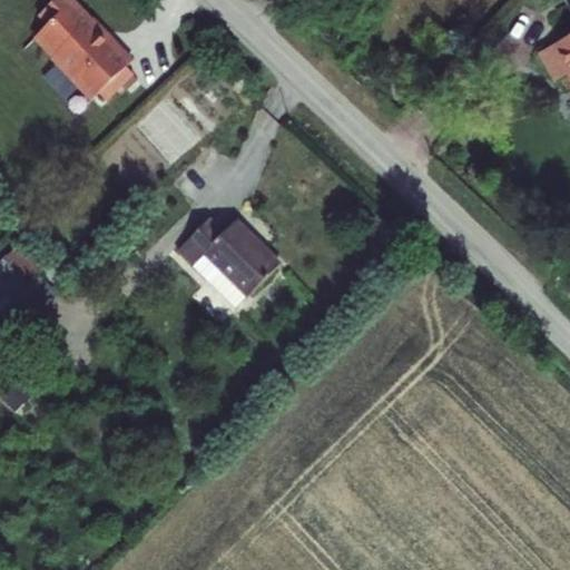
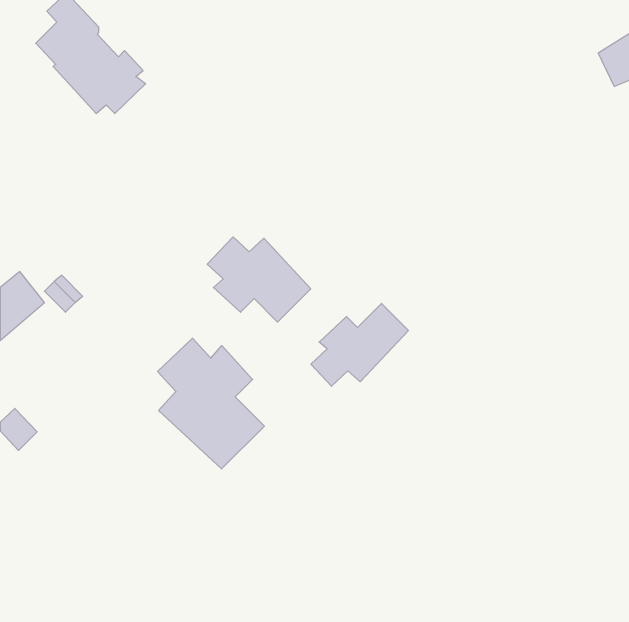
building: none -> [311,303,408,386]
building: none -> [158,338,264,469]

